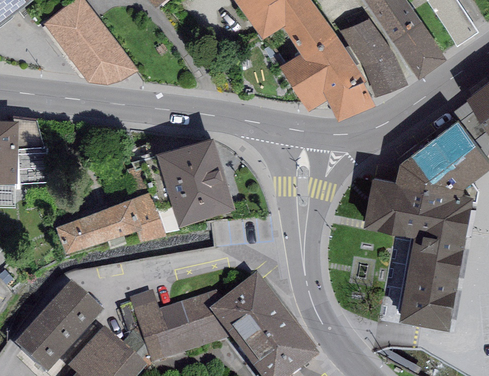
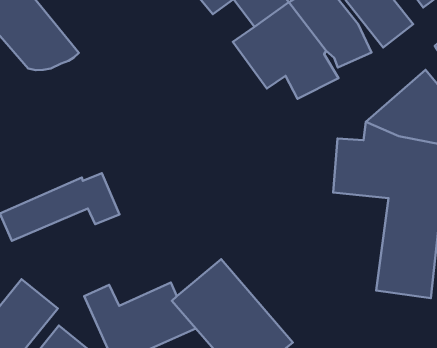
building: [157,123,235,212] -> none

